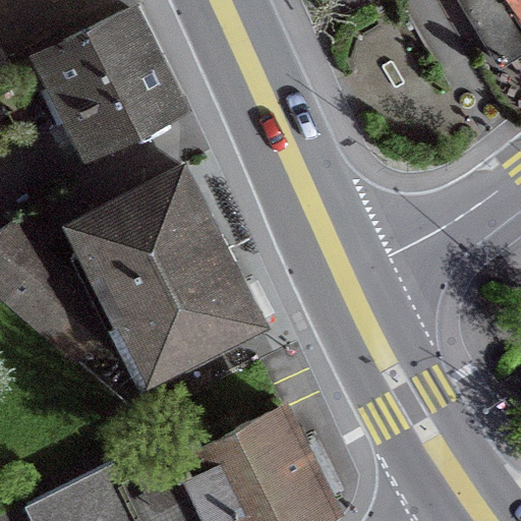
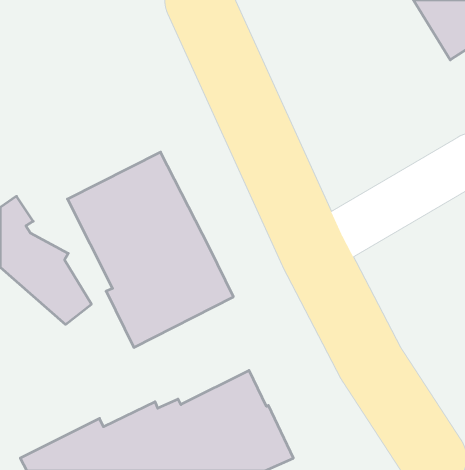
building: [44,12,177,150] -> none

